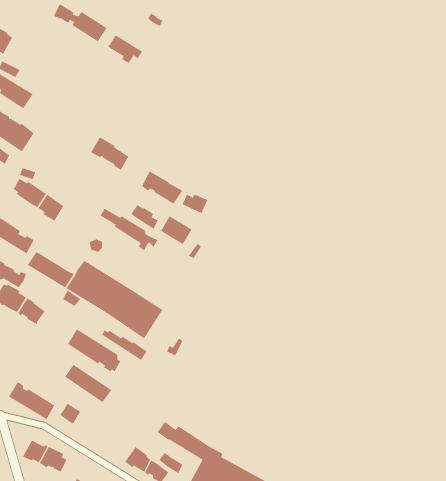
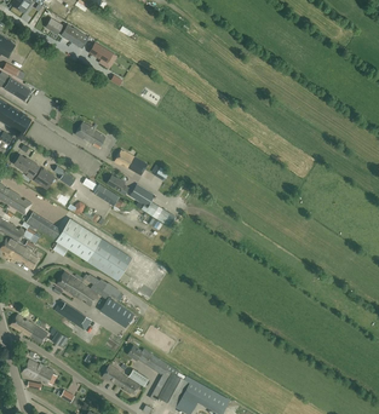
building: none -> [99,297,134,328]

